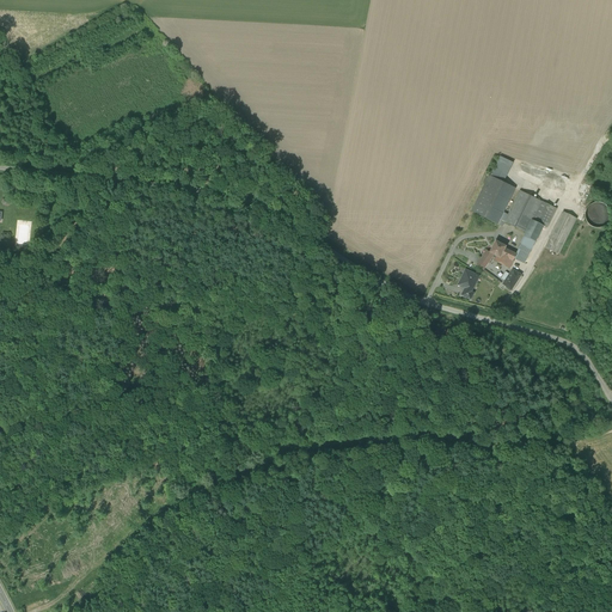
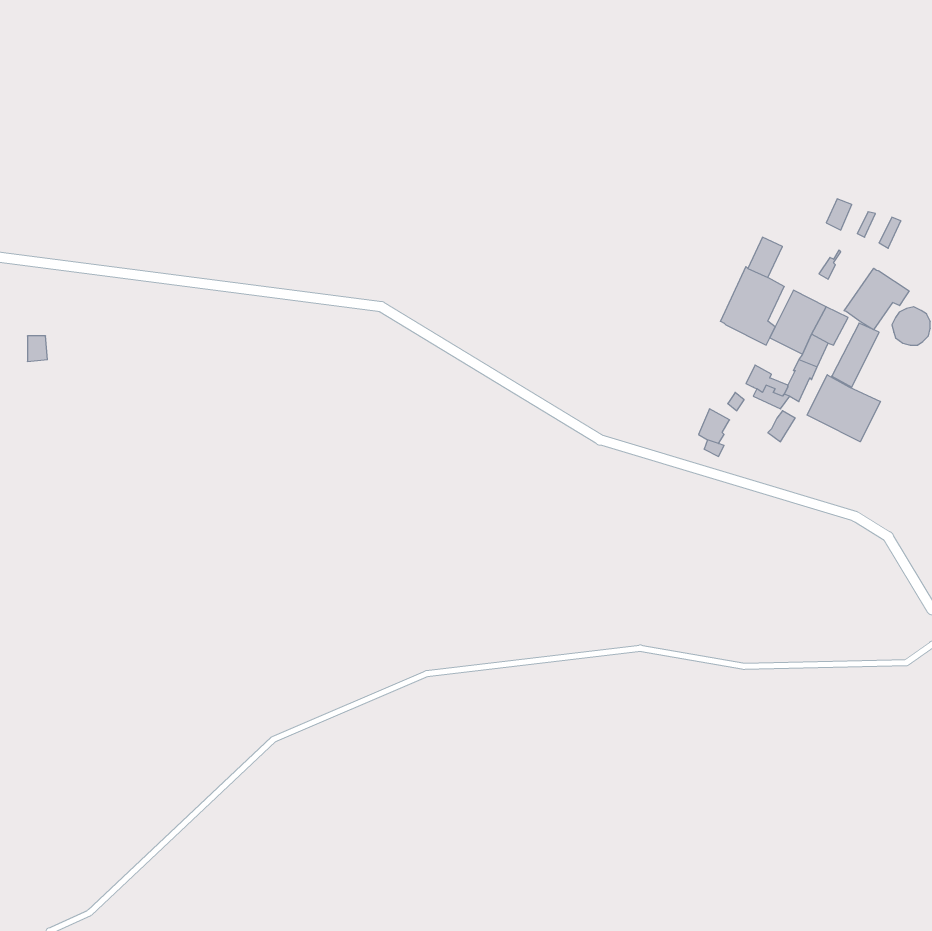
building: none -> [844,268,909,330]
building: none -> [807,375,880,442]

